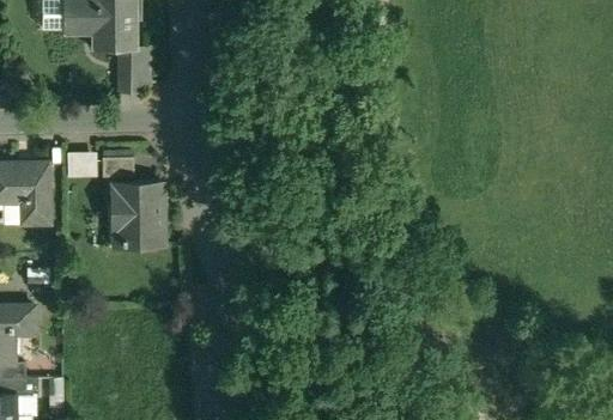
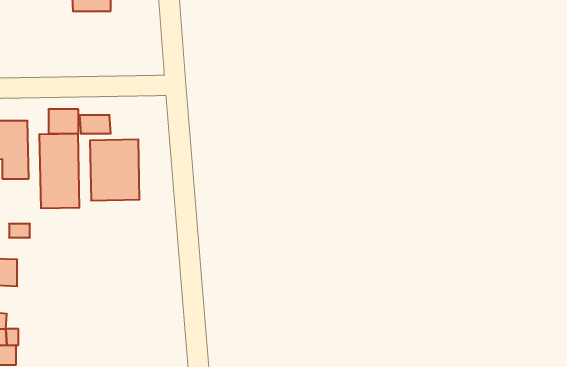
building: [120,49,148,90] -> none
building: none -> [40,134,79,208]

